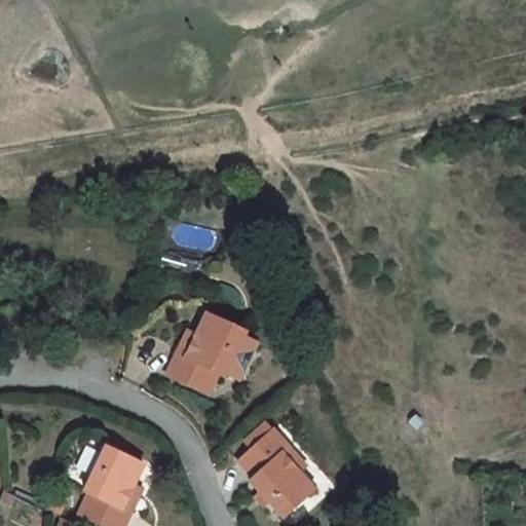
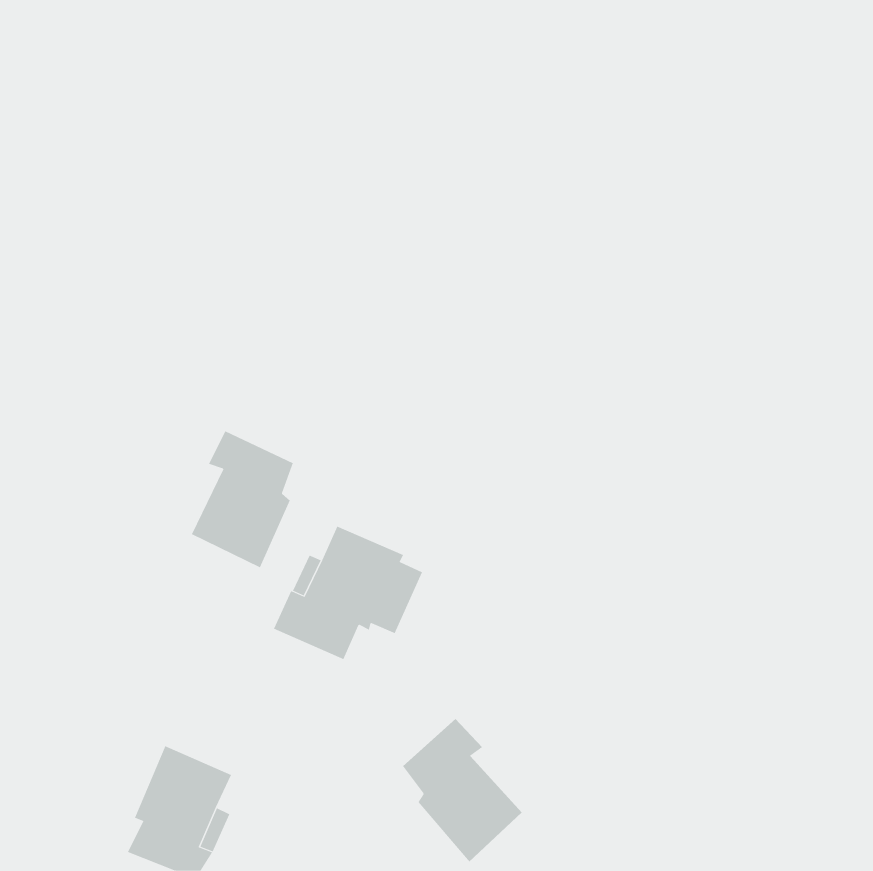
building: none -> [191,430,294,568]

